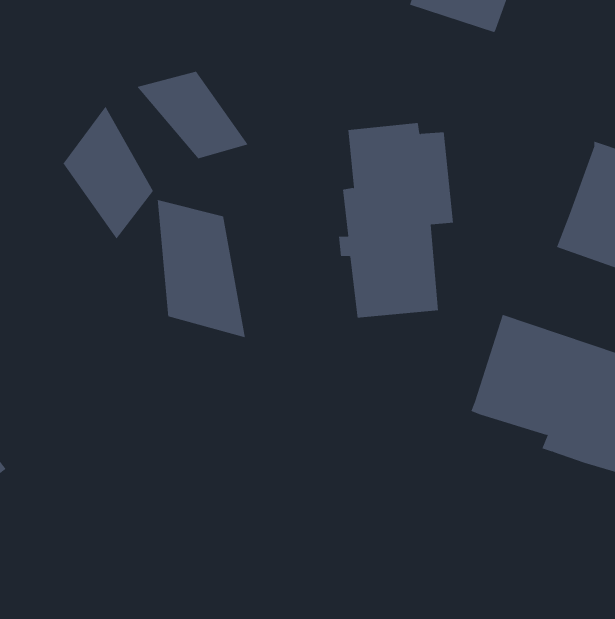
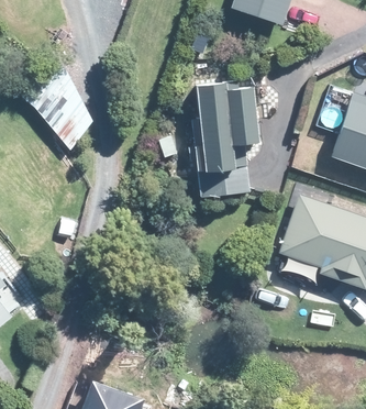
building: [136,71,249,159] -> none
building: [157,199,246,338] -> none

